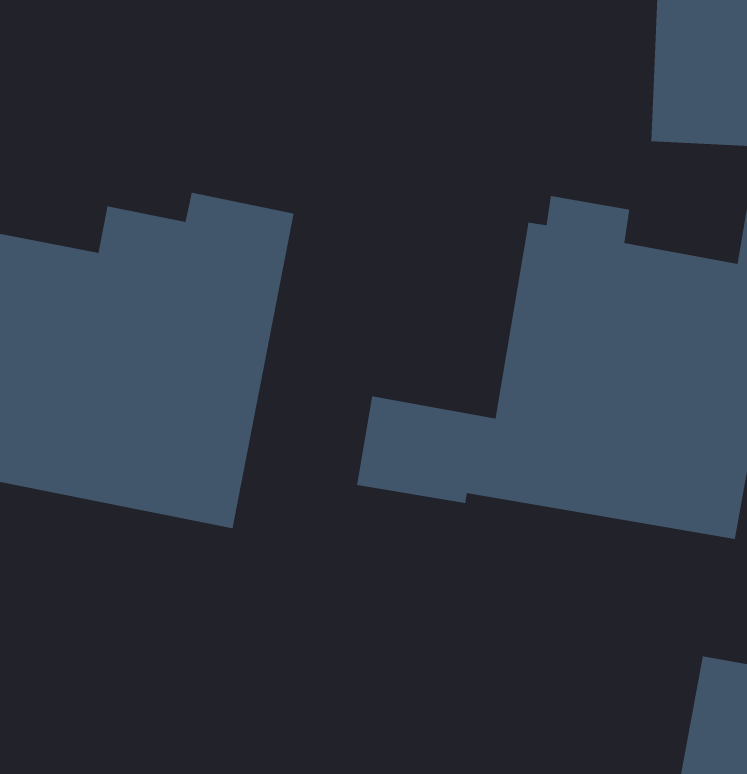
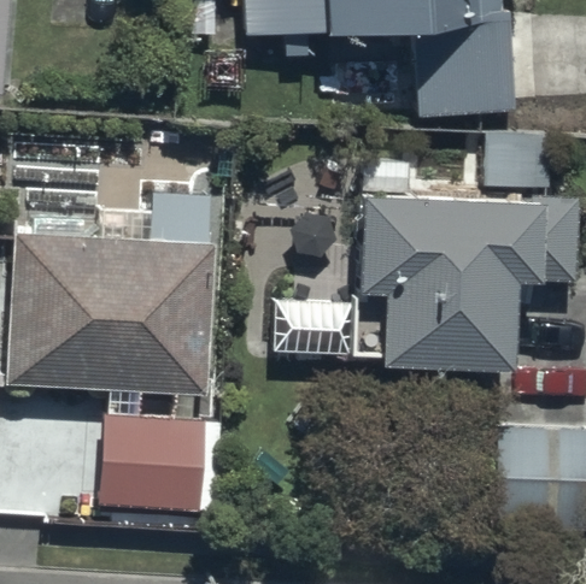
building: none -> [101,417,205,509]

